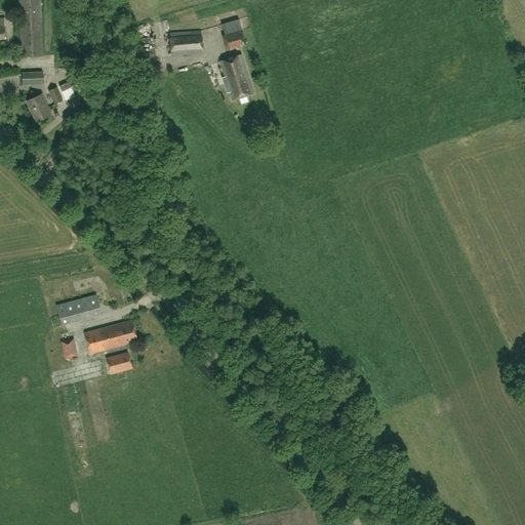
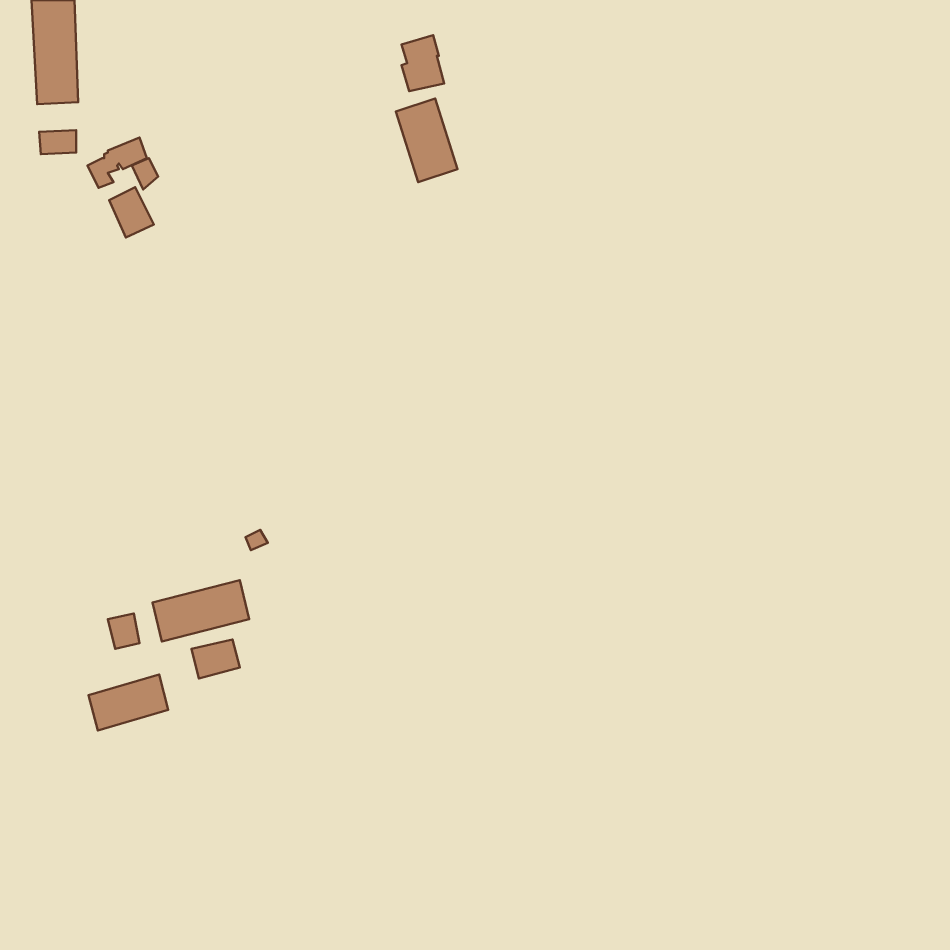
building: [169,31,202,55] -> none
building: [27,94,51,122] -> [109,187,154,237]
building: [56,294,100,325] -> [88,675,168,730]

